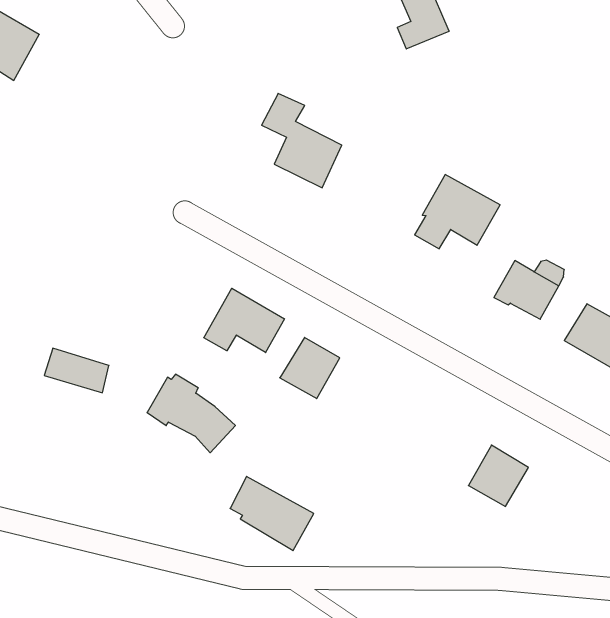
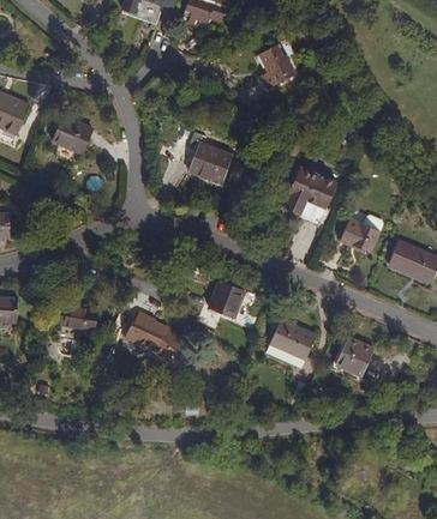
building: none -> [53,116,92,153]
building: [204,288,284,353] -> none
building: [230,476,314,551] -> [263,315,317,360]

